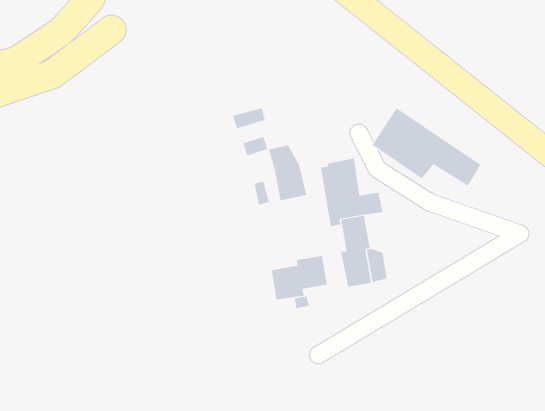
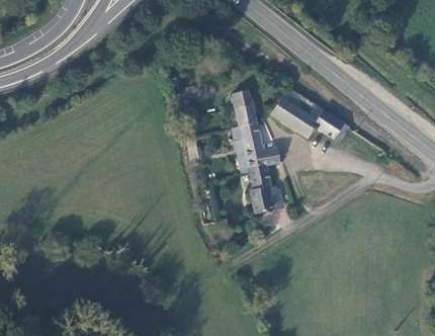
building: [268,145,307,201] -> [231,87,258,127]
building: [271,255,328,300] -> none

